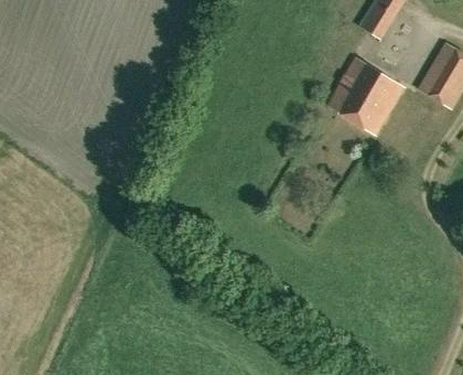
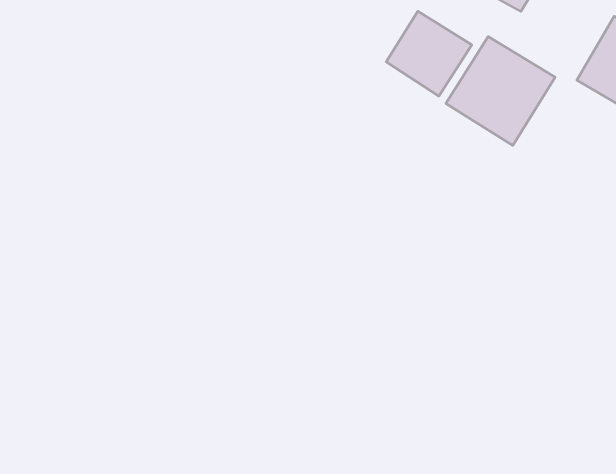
building: none -> [386,11,472,96]

